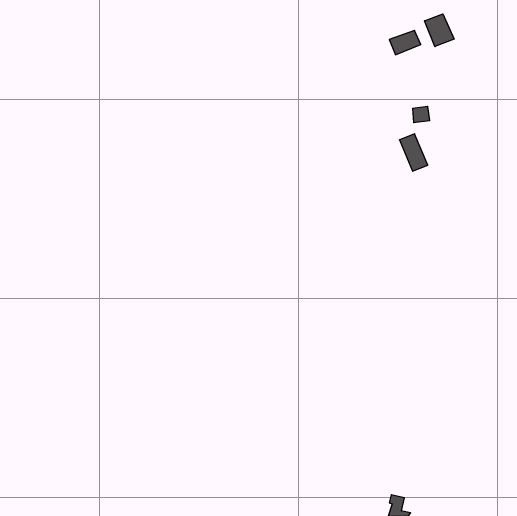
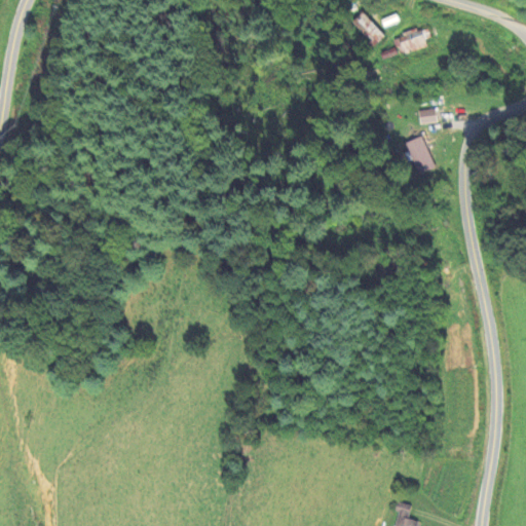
building: none -> [350,11,384,45]
building: [425,14,454,47] -> none

